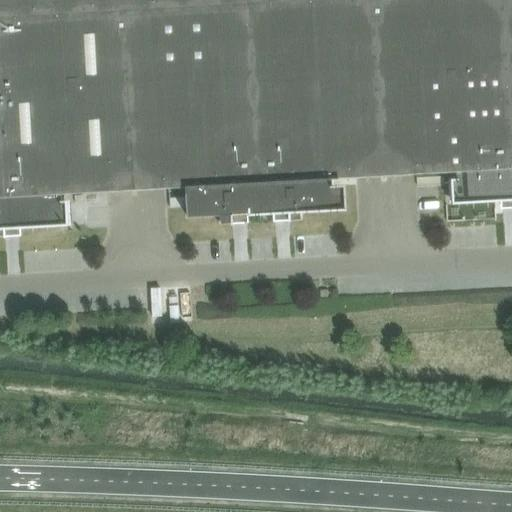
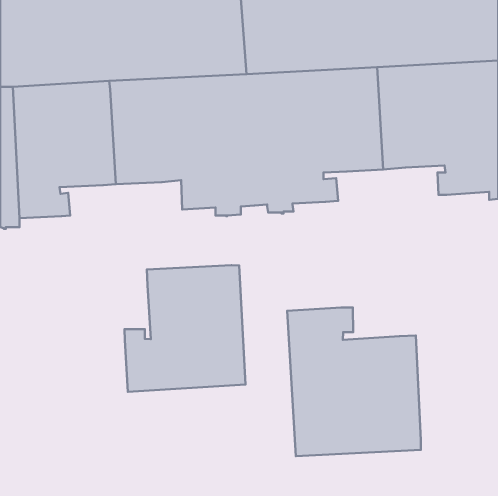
building: none -> [125,265,245,392]
building: none -> [287,307,421,456]

